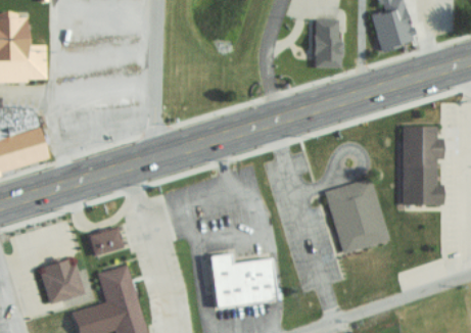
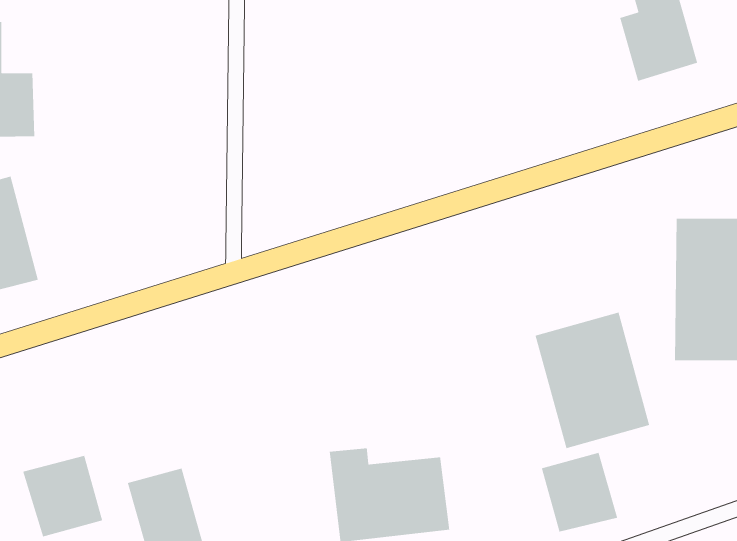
building: [313,18,341,68] -> none
building: [87,228,123,255] -> none
building: none -> [541,452,618,533]

